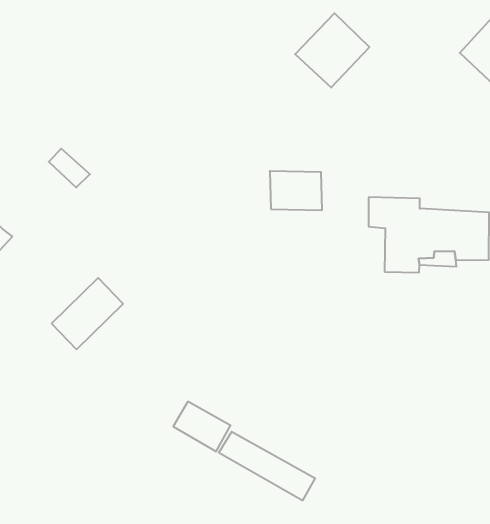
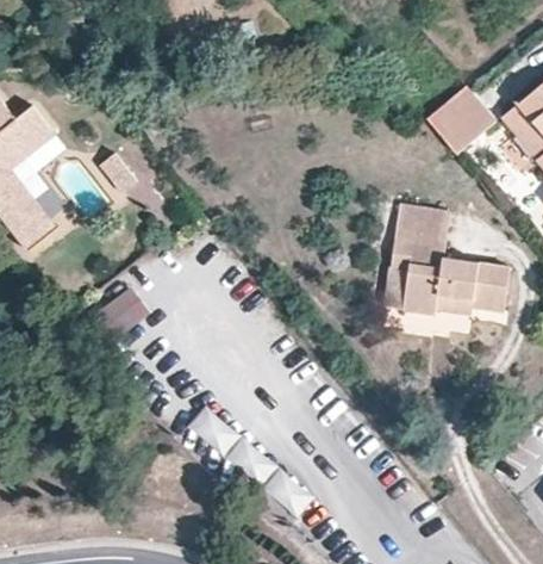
building: [295,13,369,88] -> [425,85,495,154]
building: [270,171,322,210] -> [399,204,450,247]

